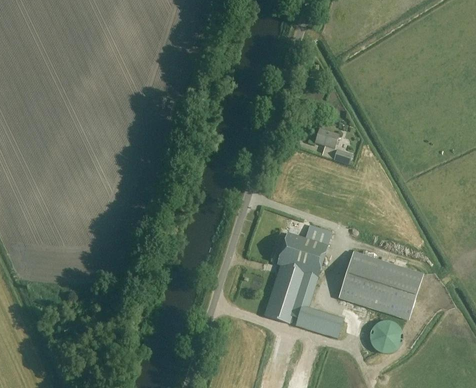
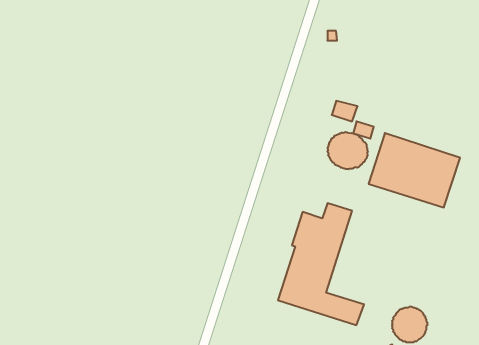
building: none -> [328,132,368,169]
building: [338,250,423,319] -> [369,133,460,207]

